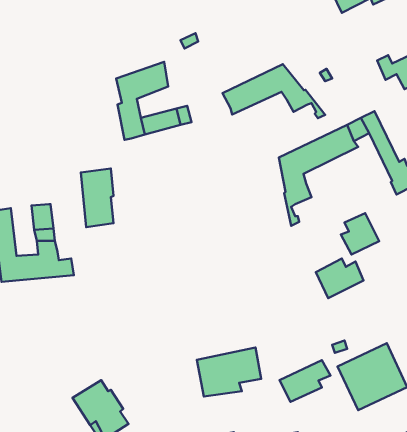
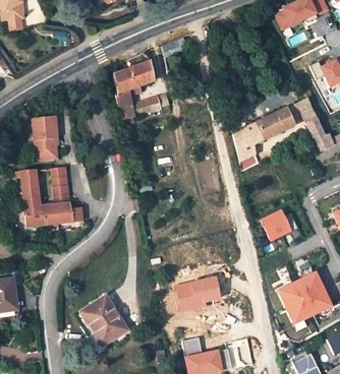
building: [222,64,325,118] -> none
building: [81,168,114,227] -> [33,117,57,161]
building: [341,213,379,255] -> none
building: [279,360,331,402] -> none

